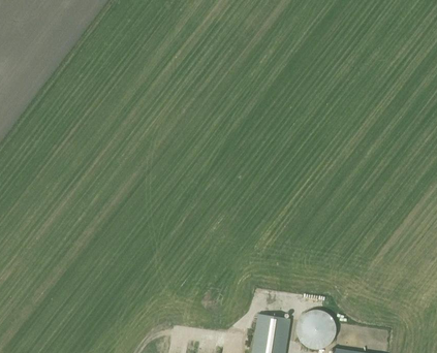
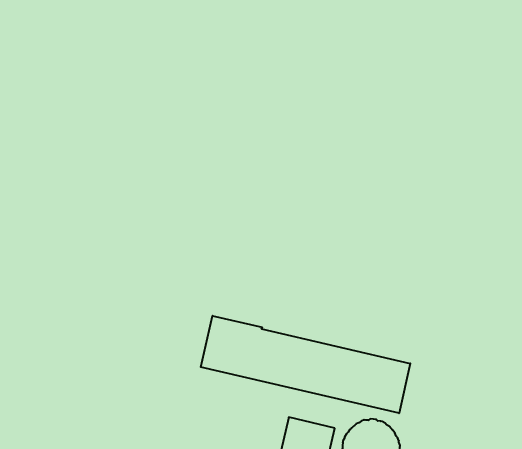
building: none -> [201,316,410,413]

